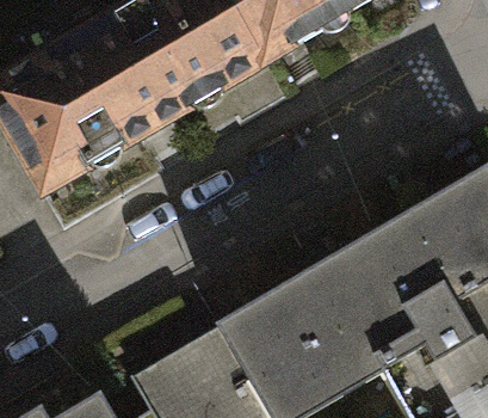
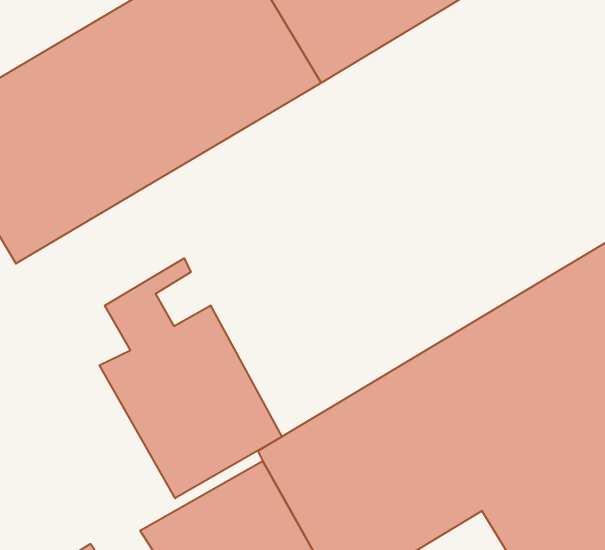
building: none -> [100,258,282,498]

